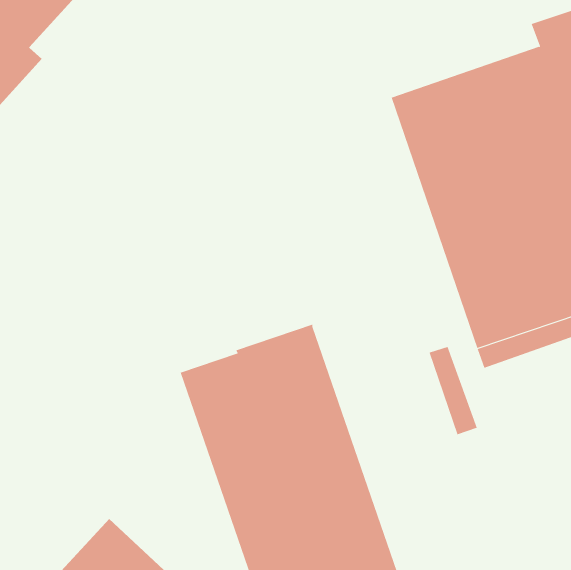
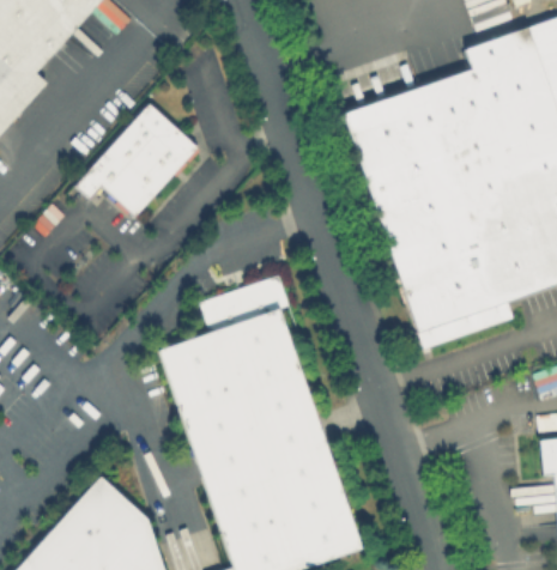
building: none -> [79,107,195,214]
building: none -> [202,275,290,332]
building: [429,346,478,435] -> none

